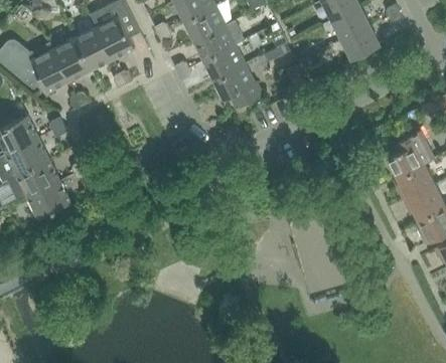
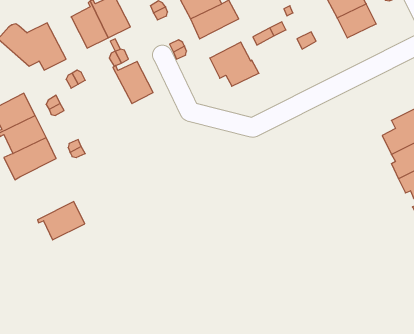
building: [50,39,91,81] -> [113,61,153,104]
building: [203,45,245,80] -> none
building: [23,181,70,219] -> [38,202,85,240]

